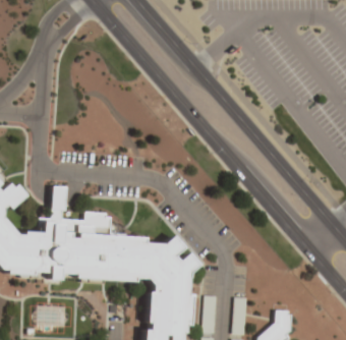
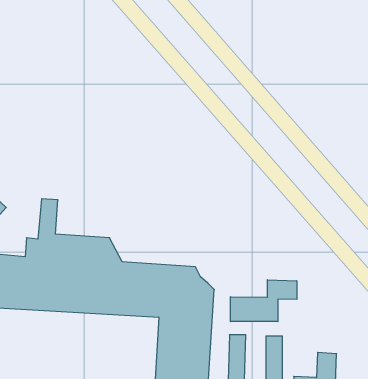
building: none -> [230,280,297,322]

